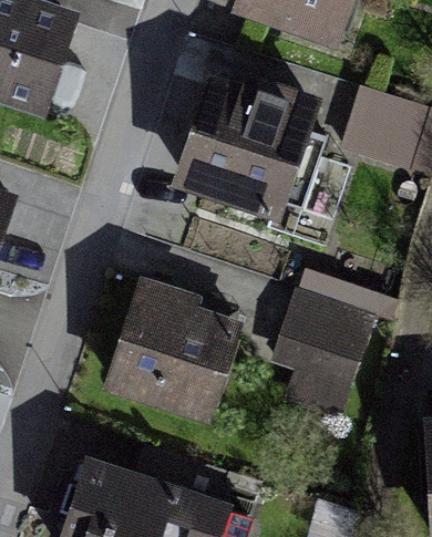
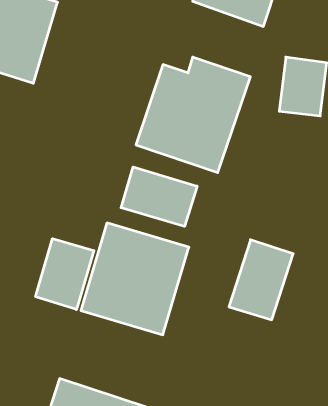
building: none -> [121,167,197,226]
building: none -> [36,239,94,310]

